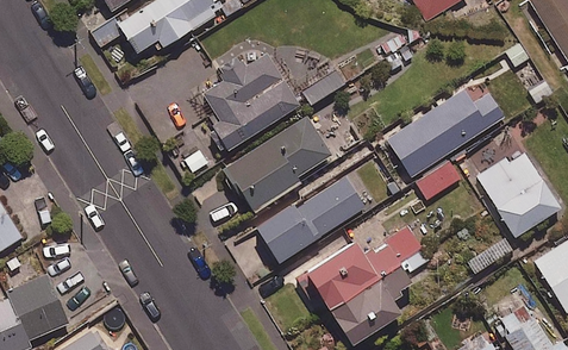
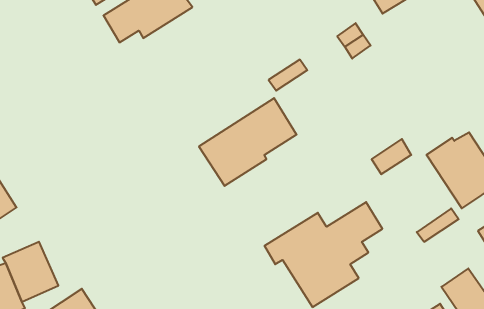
building: [198,50,300,150] -> none
building: [386,89,504,176] -> none
building: [257,176,364,262] -> none

